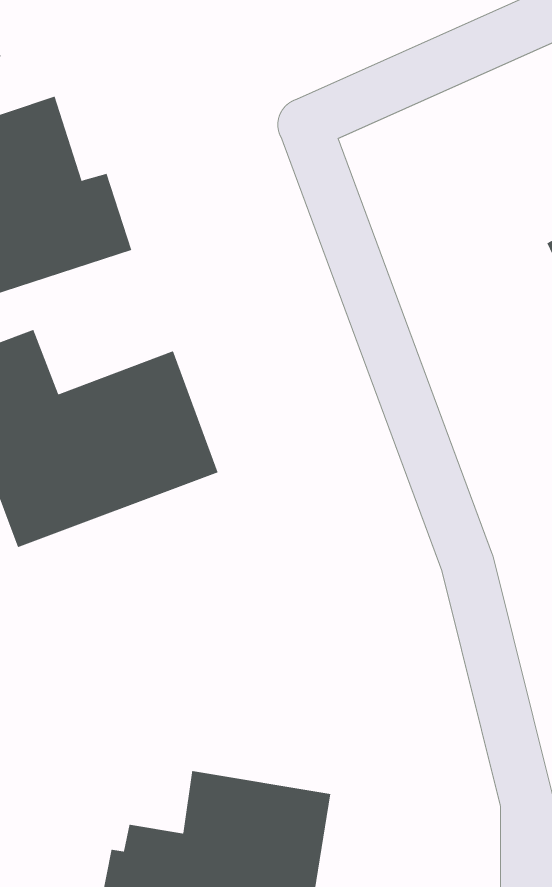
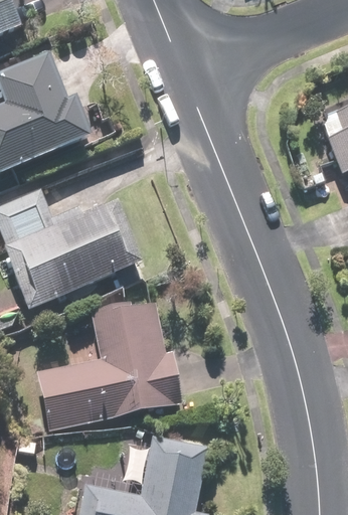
building: none -> [35,302,187,431]

